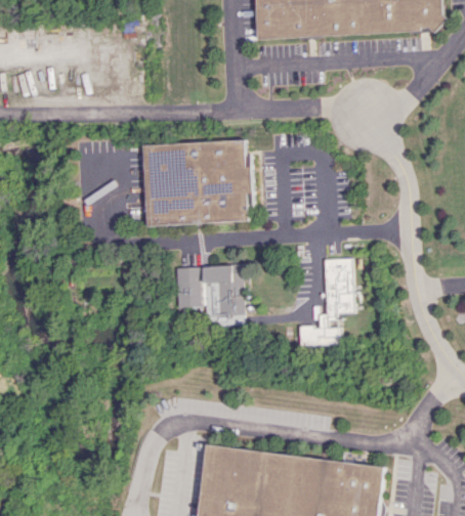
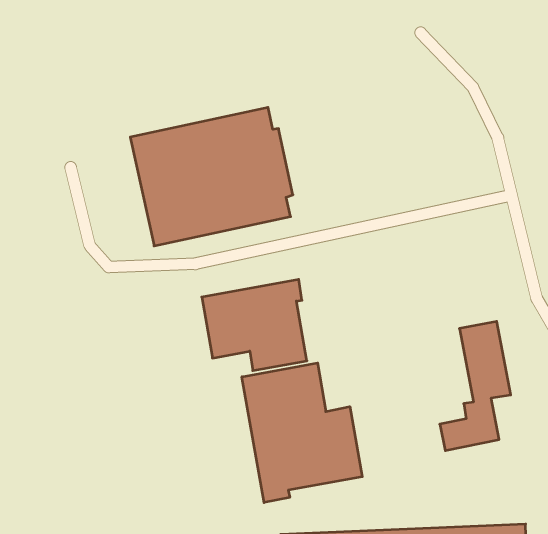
building: [299,259,353,346] -> [440,321,511,451]
building: none -> [242,363,362,503]

